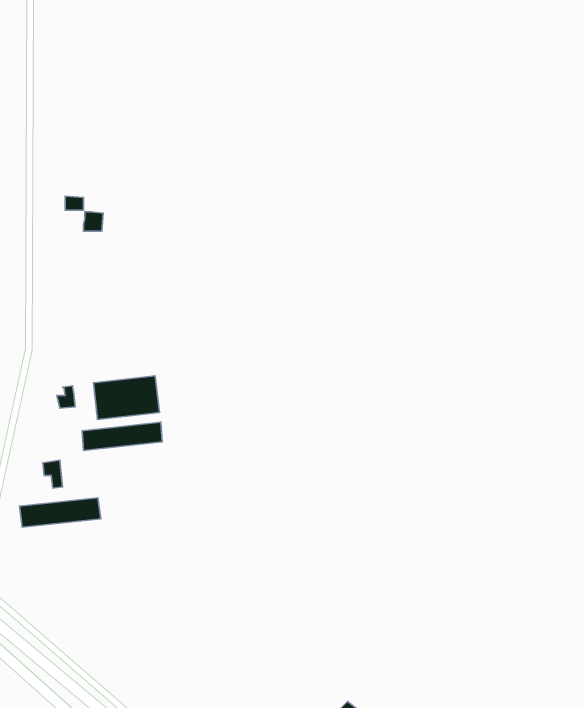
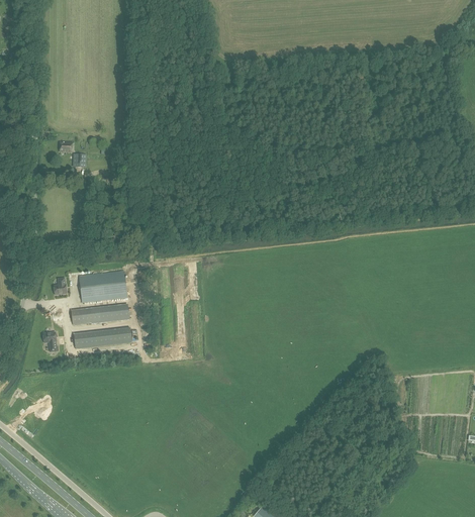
building: [19,498,101,527] -> [74,328,132,349]

